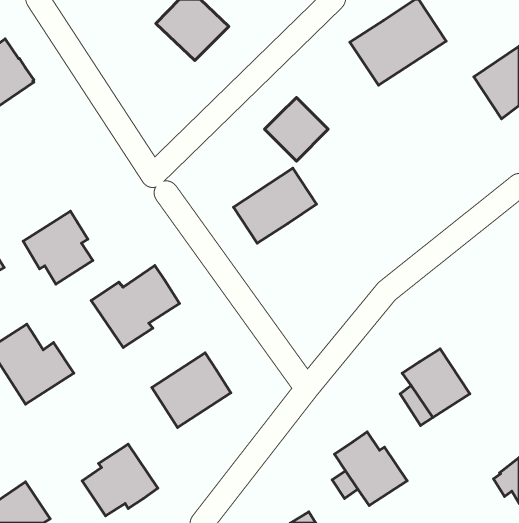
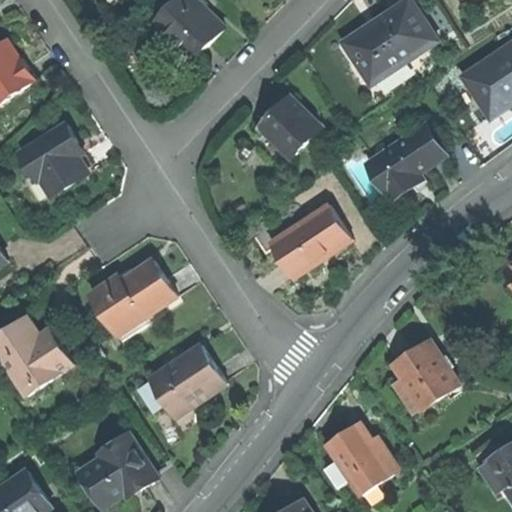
building: none -> [367,124,444,198]
building: [233,168,317,243] -> [269,204,350,277]
building: [23,211,93,284] -> [19,124,87,195]

